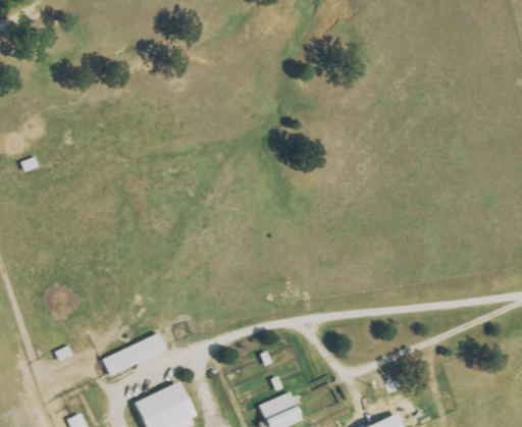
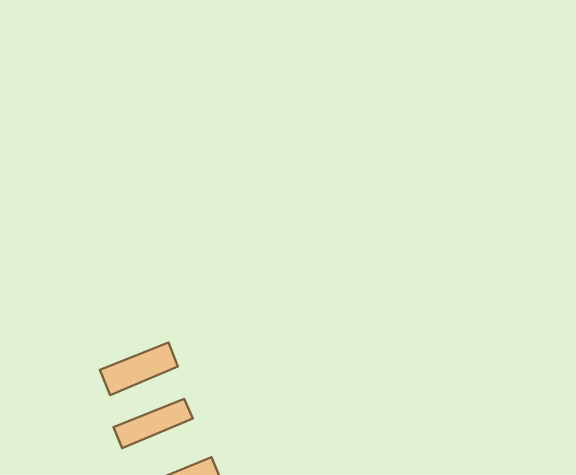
building: none -> [100,342,178,395]

